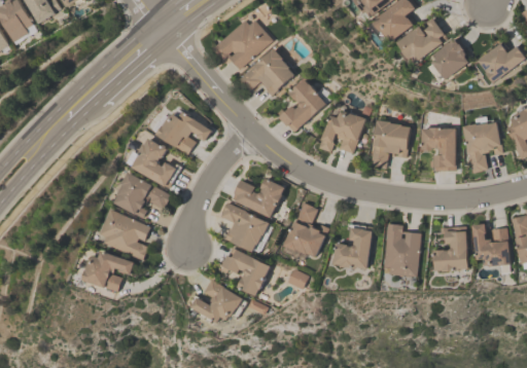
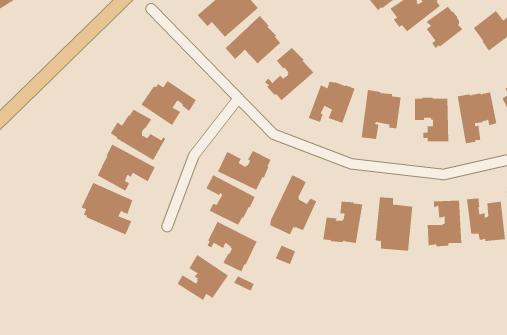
building: [81,251,134,293] -> none

